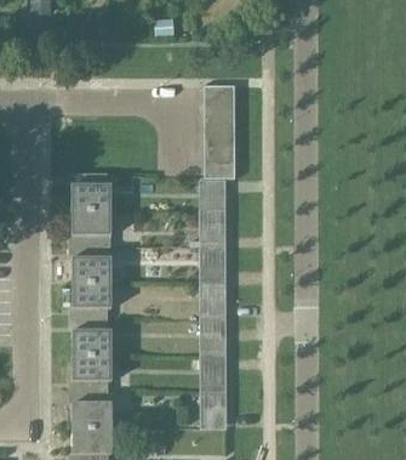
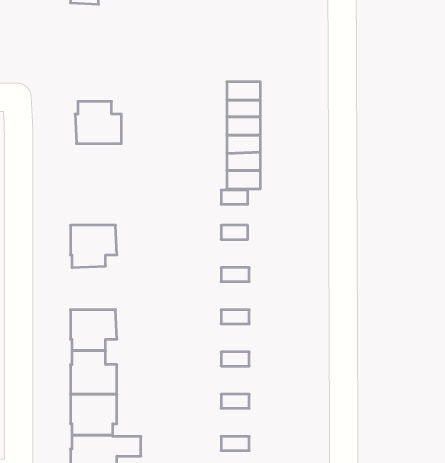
building: [70,175,110,211] -> [75,101,121,144]
building: [72,246,110,284] -> none

